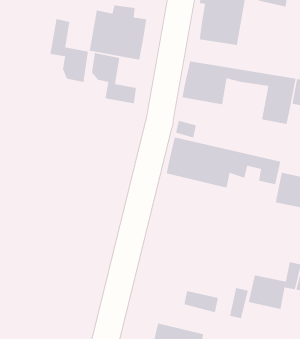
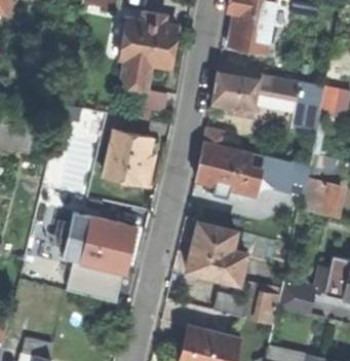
building: [50,18,89,83] -> none
building: none -> [105,131,156,185]
building: none -> [62,212,137,302]
building: none -> [187,222,247,284]

